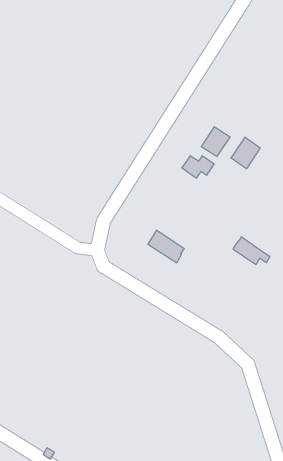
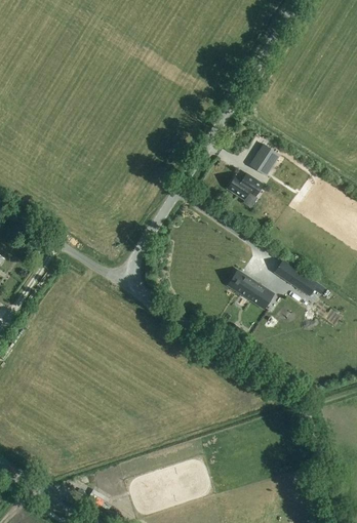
building: [231,137,260,169] -> none
building: [148,230,184,263] -> [232,272,272,308]

